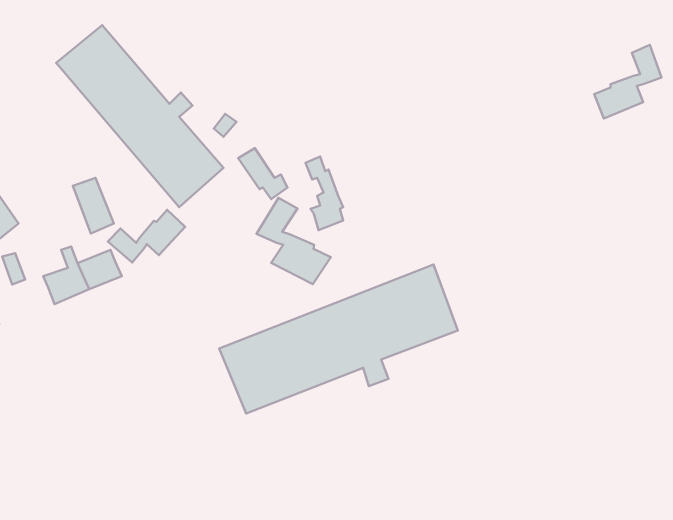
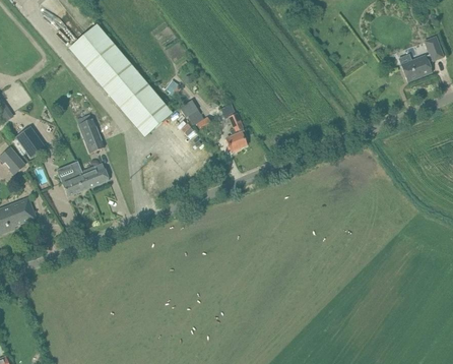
building: [257,198,331,284] -> none
building: [108,210,185,263] -> none
building: [219,265,458,414] -> none

